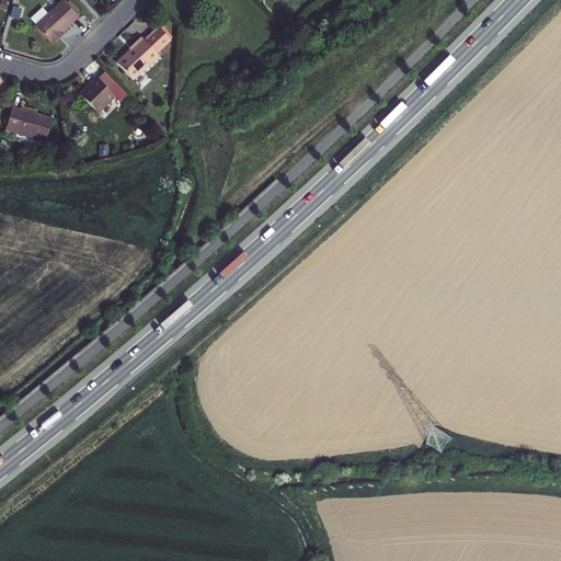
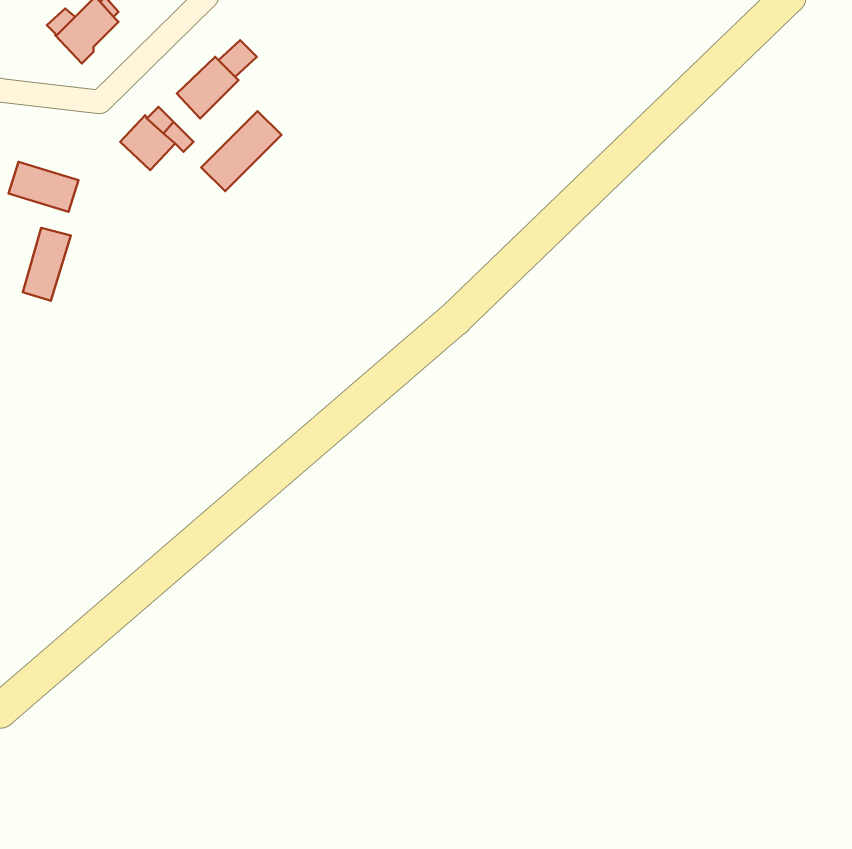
building: none -> [201,111,281,191]
building: none -> [23,228,71,301]

